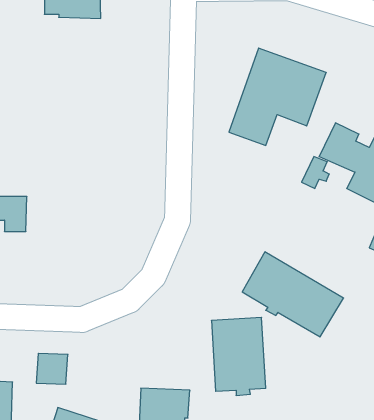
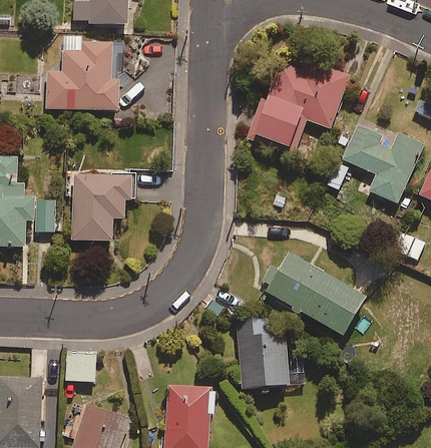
building: none -> [45,40,118,109]
building: none -> [72,173,134,240]

